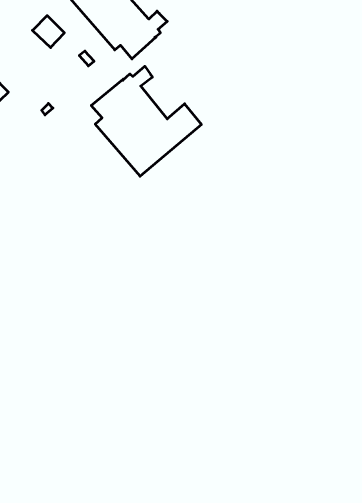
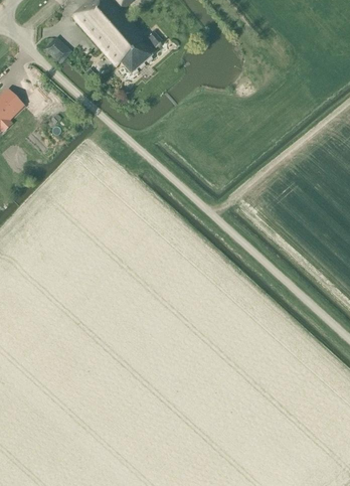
building: [91,66,201,176] -> none

